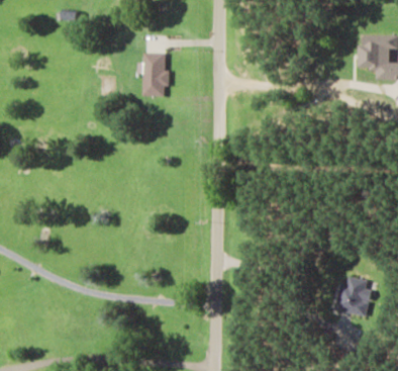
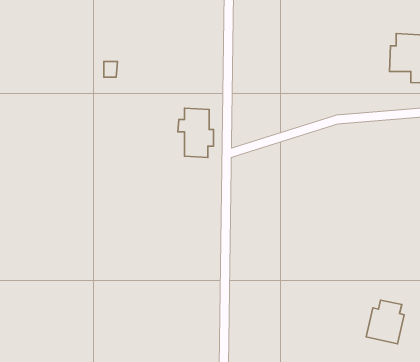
building: [136,53,169,97] -> [178,108,214,157]

